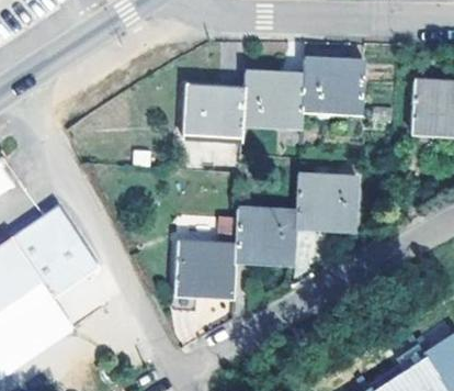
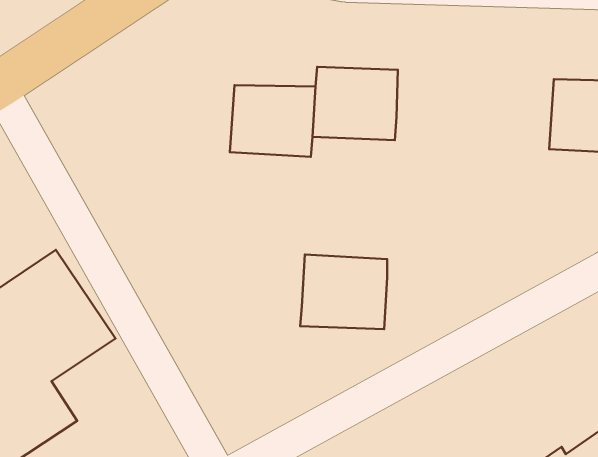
building: [302,59,364,113] -> none
building: [295,176,357,228] -> none
building: [173,243,234,298] -> none

